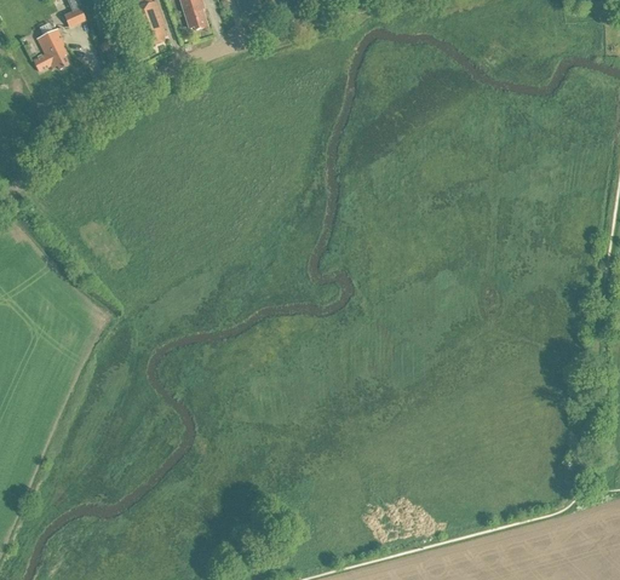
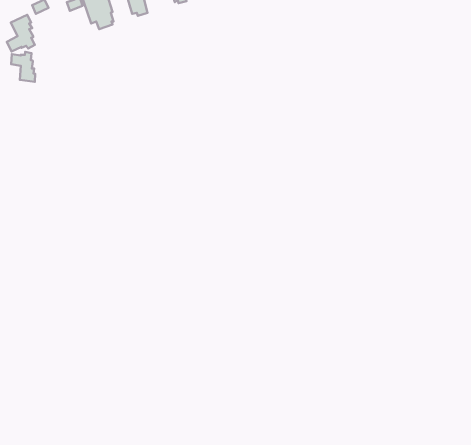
building: none -> [11,52,35,82]

